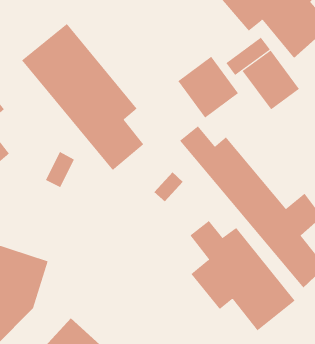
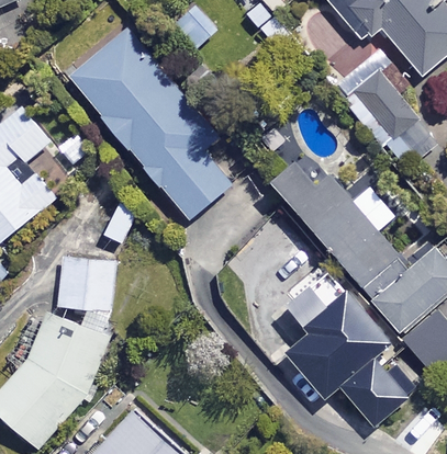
building: [178,56,239,118] -> none
building: none -> [55,257,110,311]

